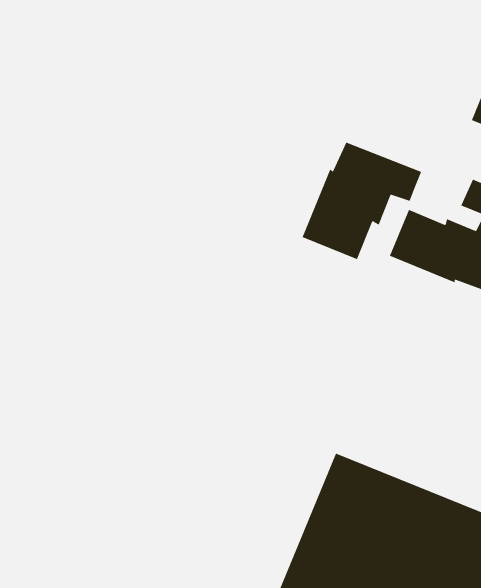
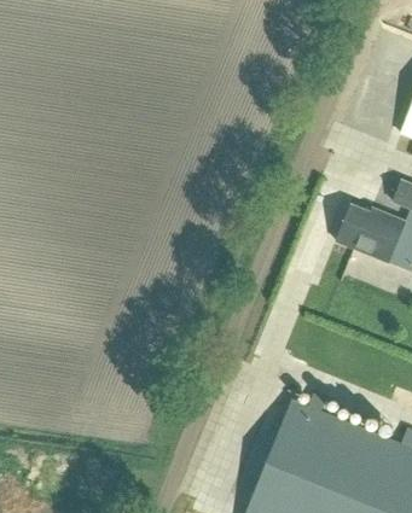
building: [301,142,422,260] -> none

